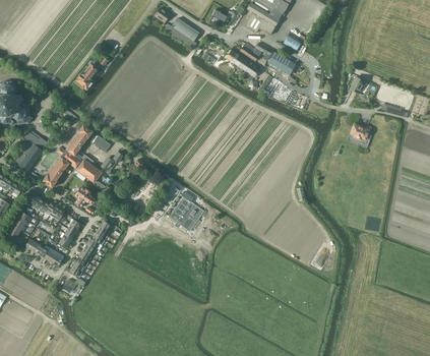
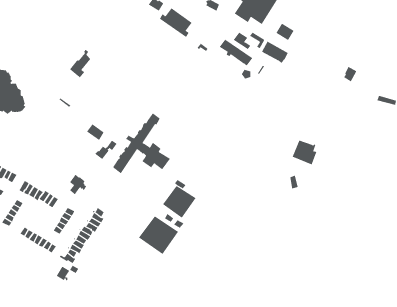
building: [347,123,372,149] -> [292,140,317,165]
building: [44,125,103,187] -> [112,113,171,174]
building: [14,129,48,172] -> none
building: none -> [138,216,179,255]

